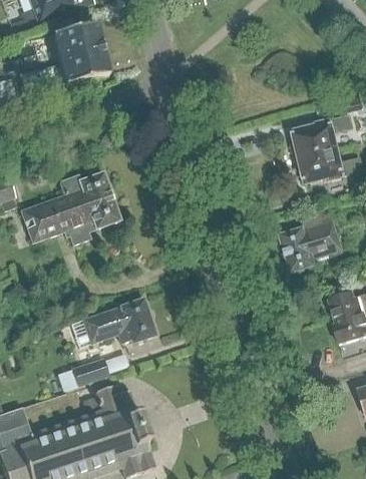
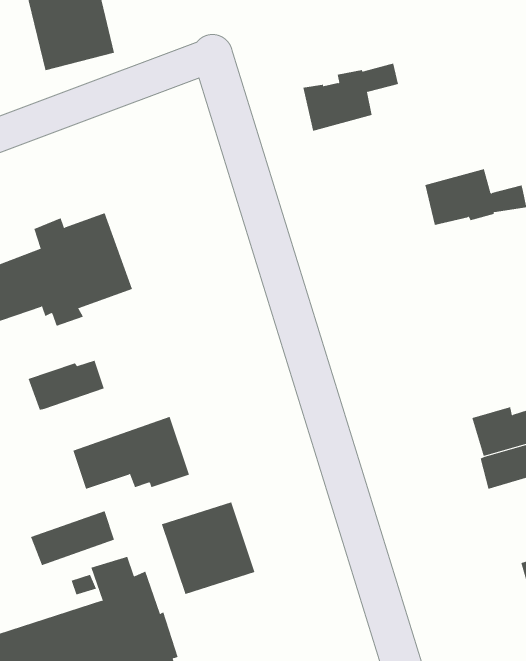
building: [294,114,353,156] -> [303,63,399,131]
building: [279,220,342,273] -> none
building: none -> [28,360,105,410]
building: none -> [161,501,255,595]

